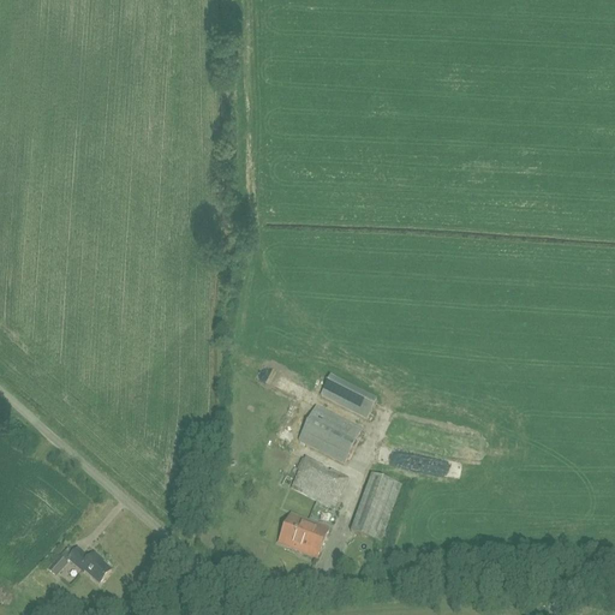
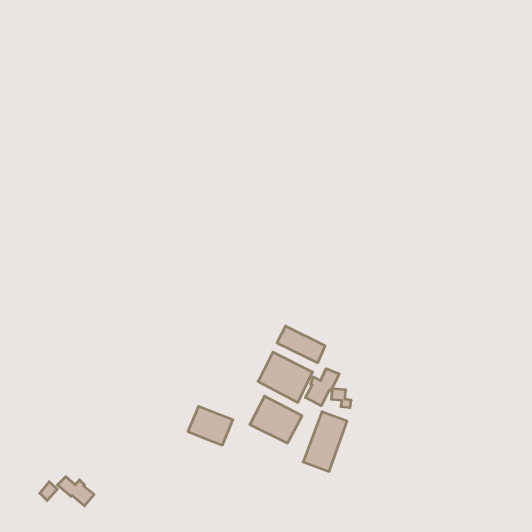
building: none -> [305,369,339,406]
building: [275,512,327,556] -> [188,406,233,445]

